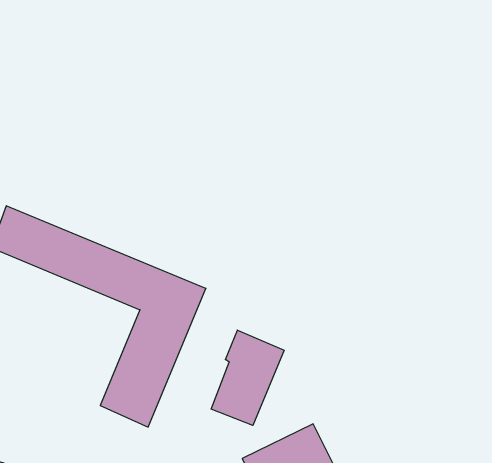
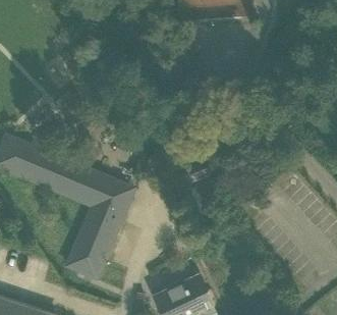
building: [211,330,284,425] -> none

